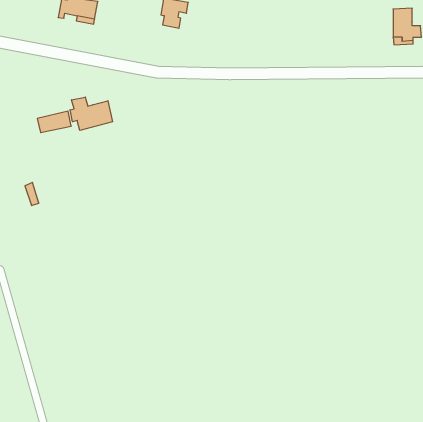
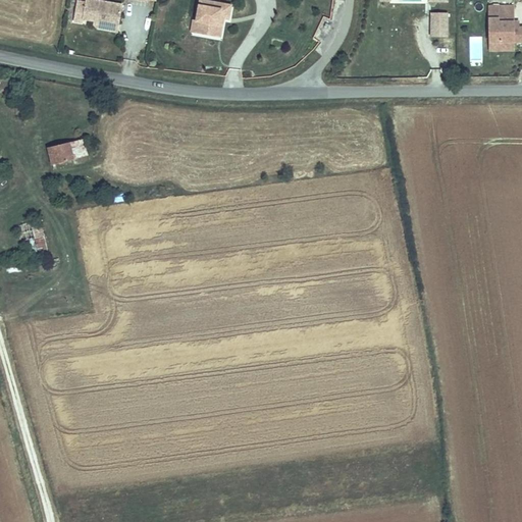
building: none -> [431,10,447,35]
building: [70,97,113,130] -> none

